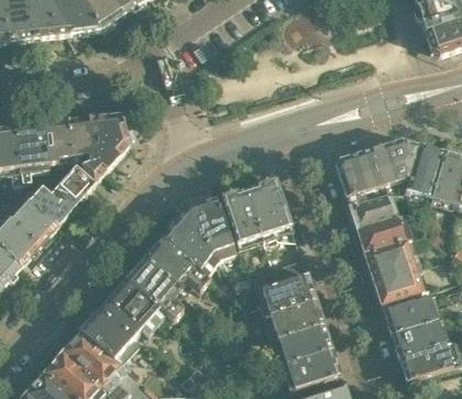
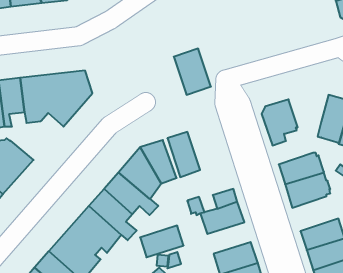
building: [369,138,417,186] -> none
building: [31,165,95,222] -> none
building: [245,178,290,234] -> [174,49,211,95]
building: [349,193,398,228] -> none
building: [373,263,427,303] -> none
building: [270,298,322,336] -> [140,226,184,257]

